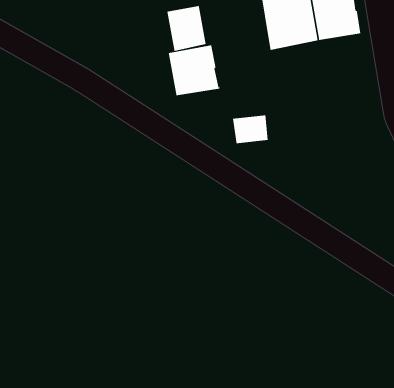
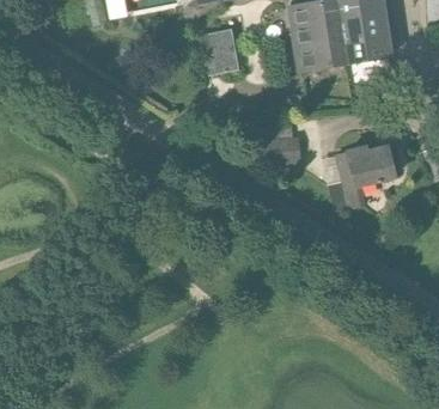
building: [168,45,220,96] -> none
building: none -> [328,145,395,210]

